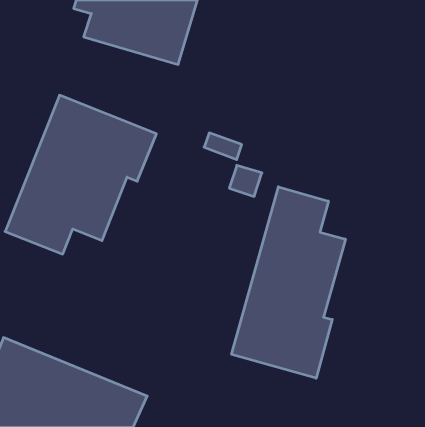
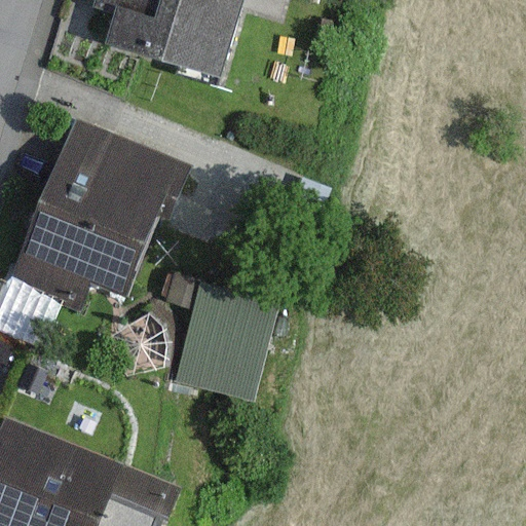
building: [232,187,345,378] -> none
building: none -> [164,273,277,391]

